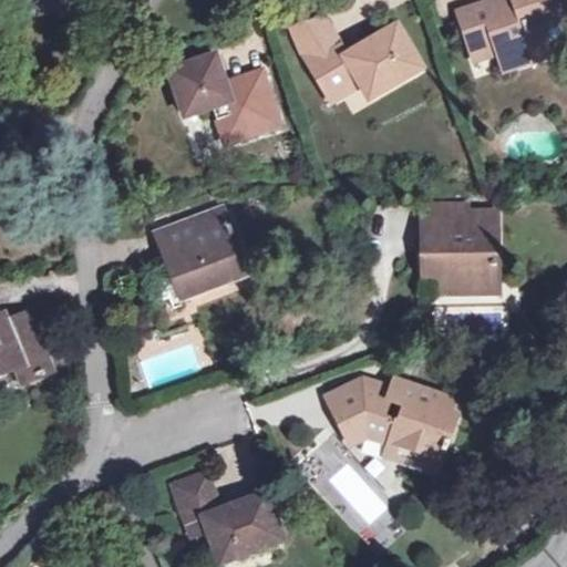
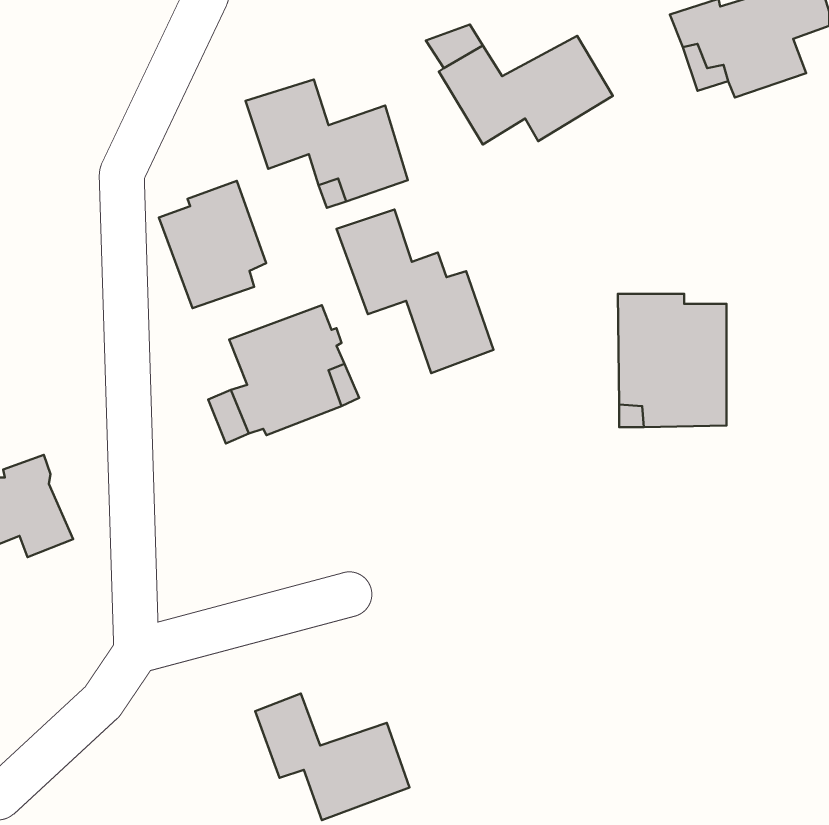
building: none -> [159,181,266,308]
building: none -> [336,210,493,373]
building: [327,377,452,462] -> none

